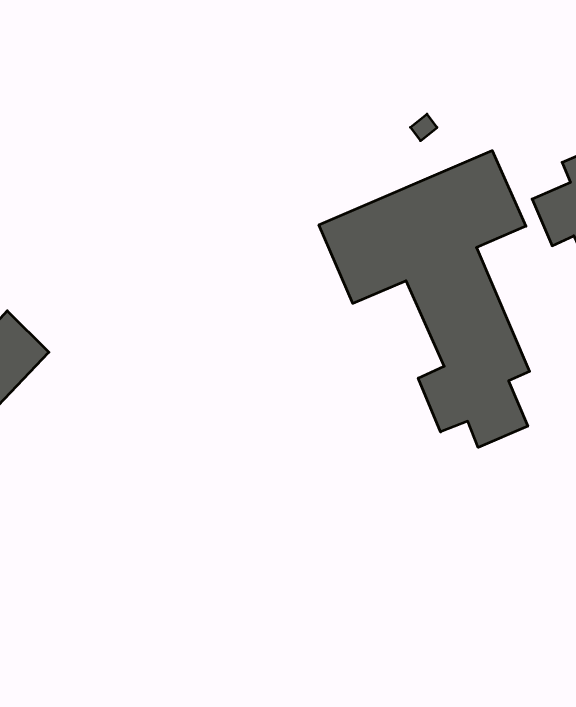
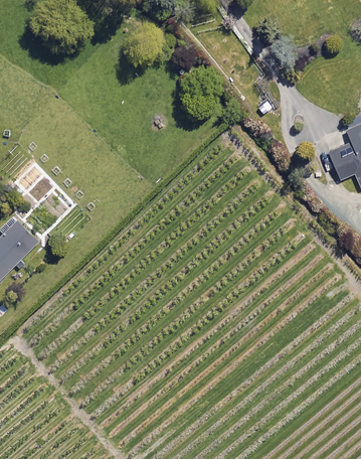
building: [319,151,530,447] -> none

